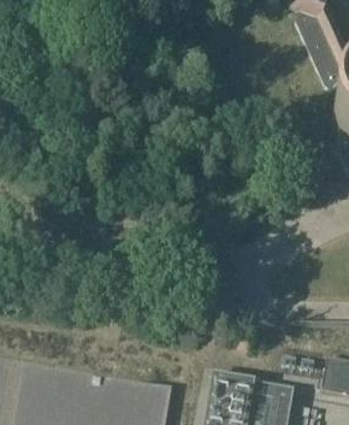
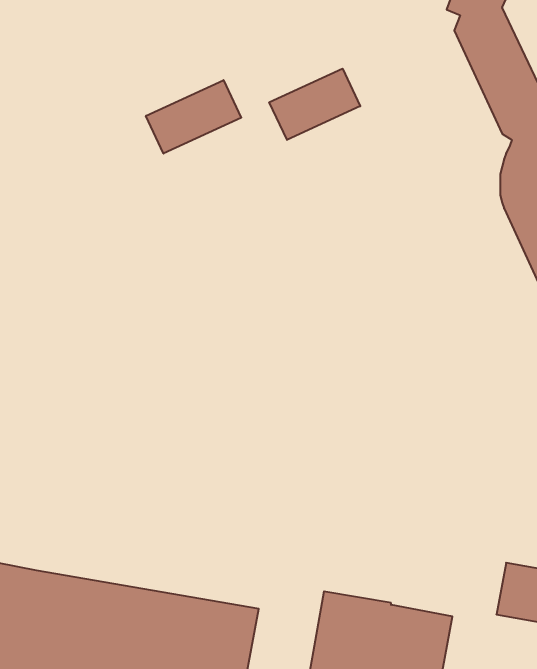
building: none -> [269,69,360,140]
building: none -> [146,80,241,154]

